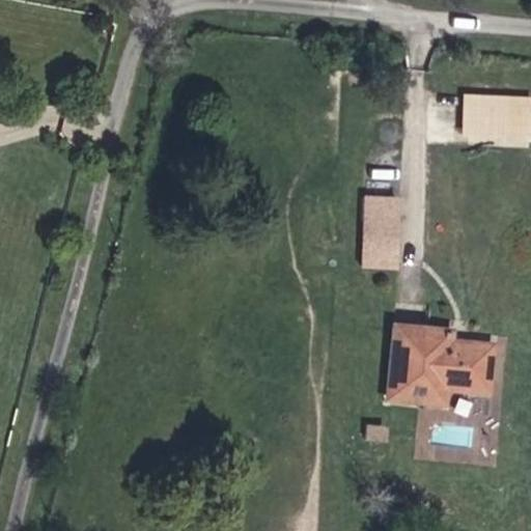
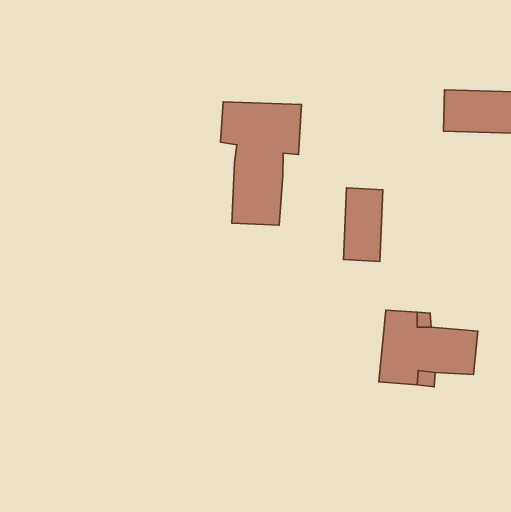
building: none -> [221,102,301,225]

